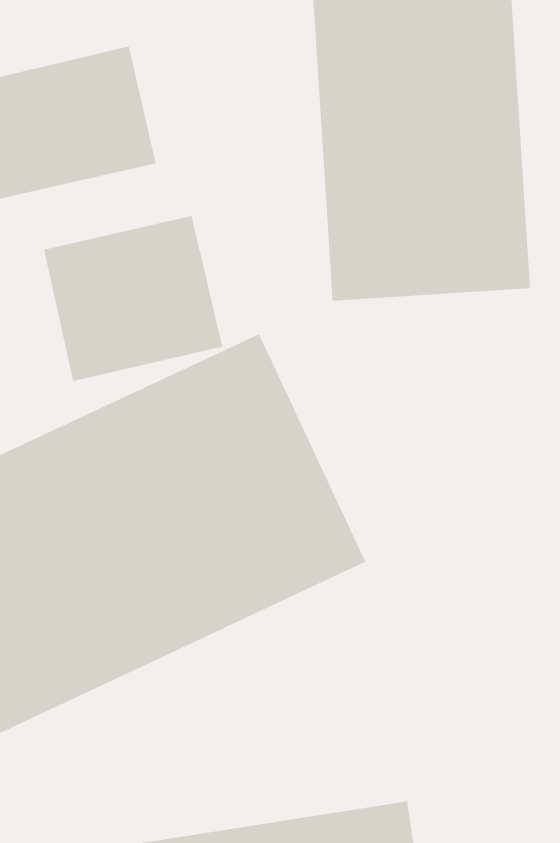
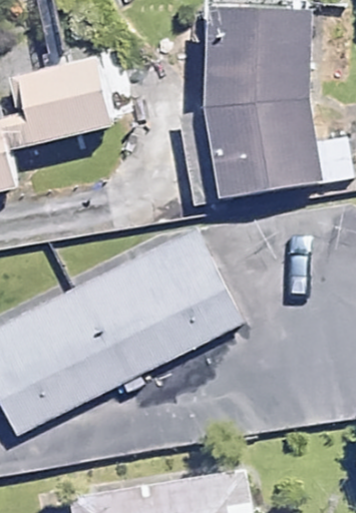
building: [44,215,223,382] -> none

